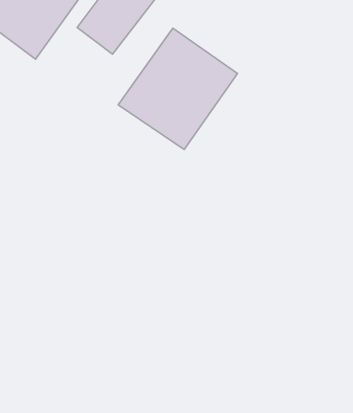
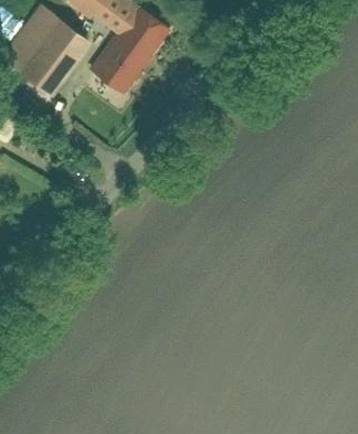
building: [118,28,237,150] -> none

